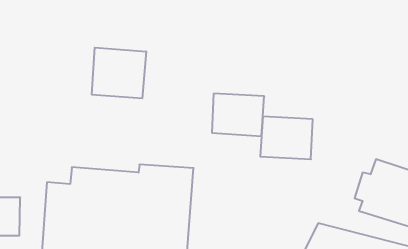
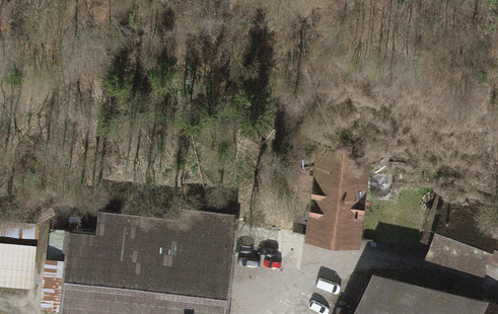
building: [92,48,146,98] -> none
building: [212,94,264,136] -> [308,200,368,248]

